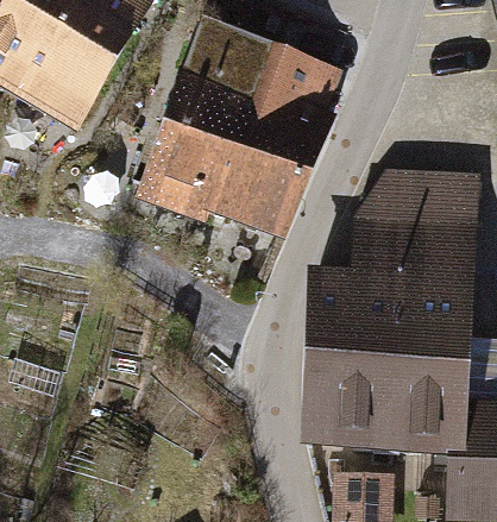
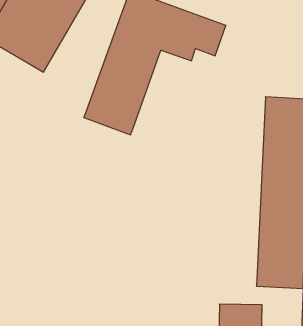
building: [205,98,334,243] -> none
building: [304,168,396,441] -> none

